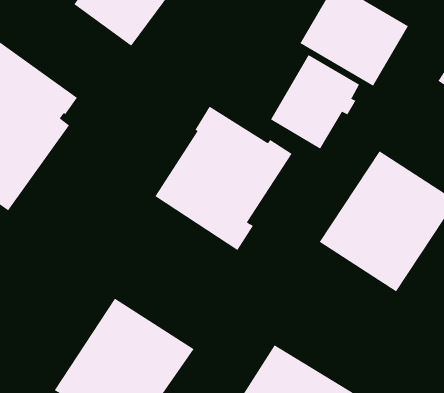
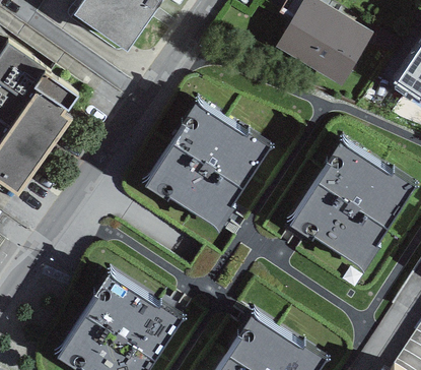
building: [270,54,360,149] -> none

